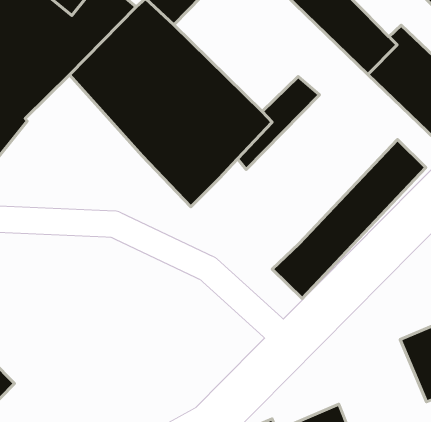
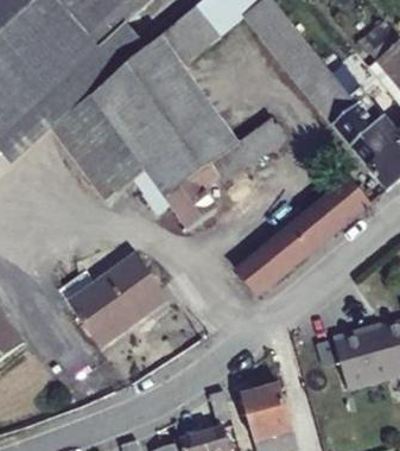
building: none -> [53,96,144,196]
building: none -> [70,258,167,351]

